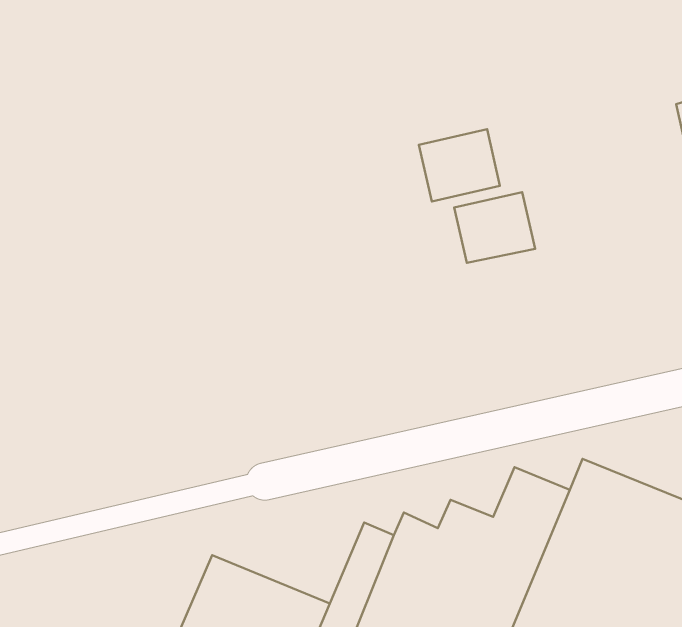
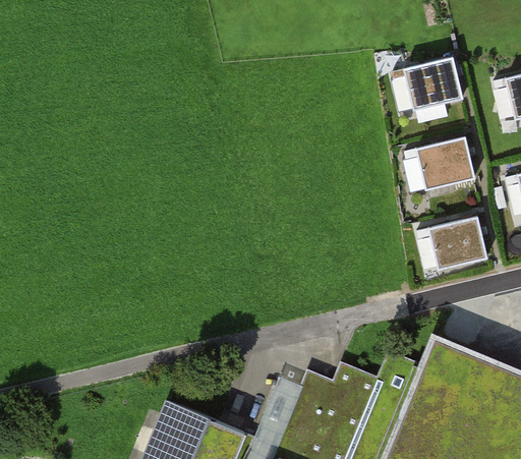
building: [419,129,500,202] -> [401,58,459,110]
building: [454,192,535,263] -> [414,138,472,189]
building: none -> [426,218,483,269]

